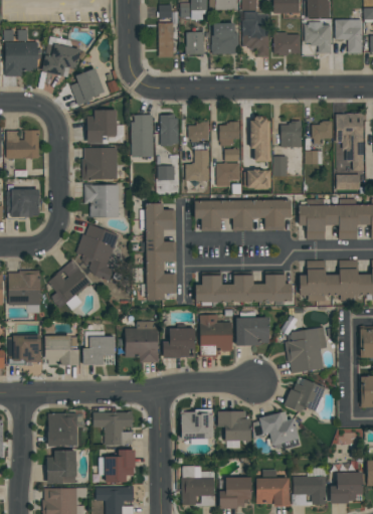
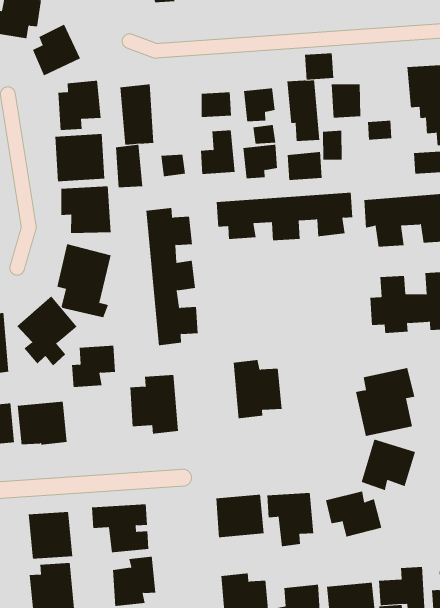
building: [161,114,179,144] -> [115,144,143,188]
building: [313,122,333,140] -> [304,53,334,80]
building: [196,274,293,302] -> none
building: [236,317,269,344] -> none
building: [163,327,196,357] -> none
building: [83,336,115,364] -> [71,345,116,387]

